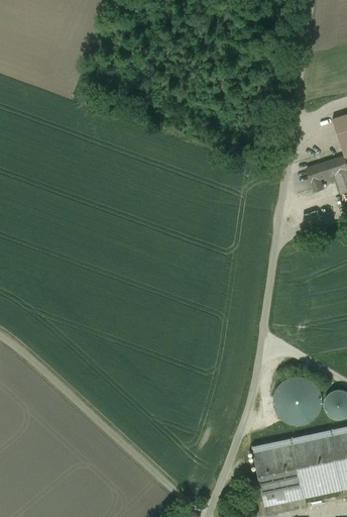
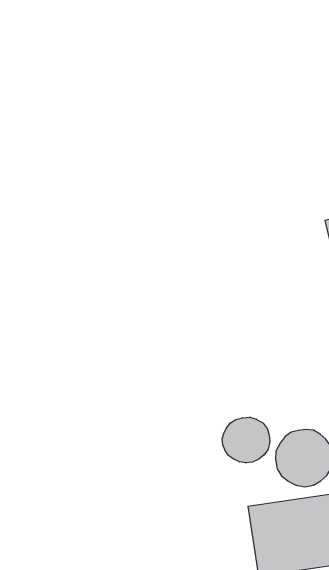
building: none -> [222,417,270,463]

